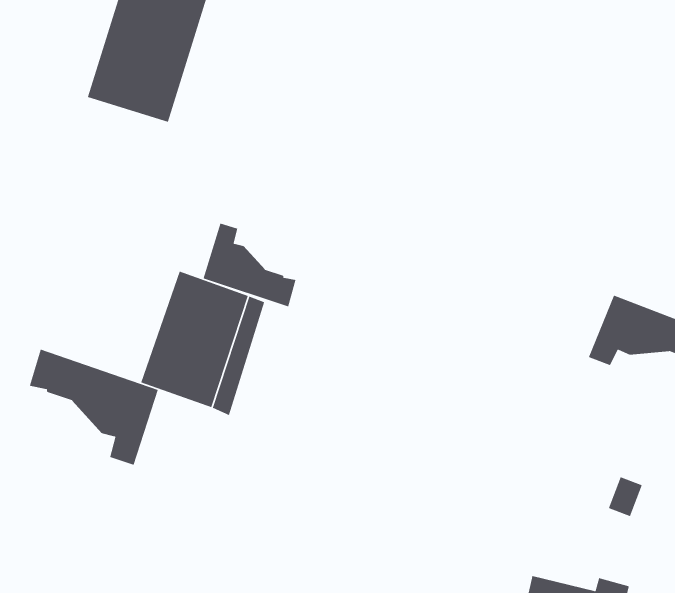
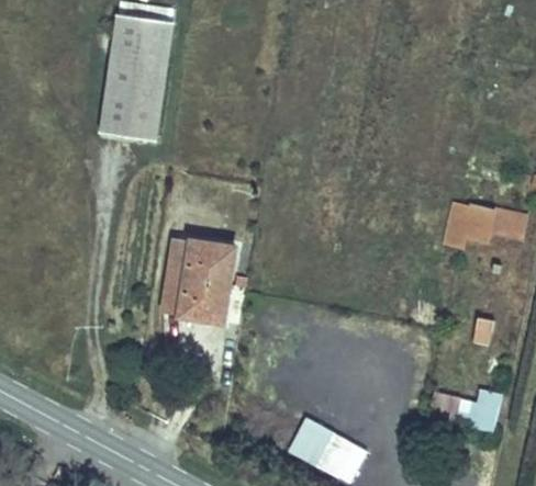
building: [202,222,297,307] -> none
building: [29,348,159,466] -> none

